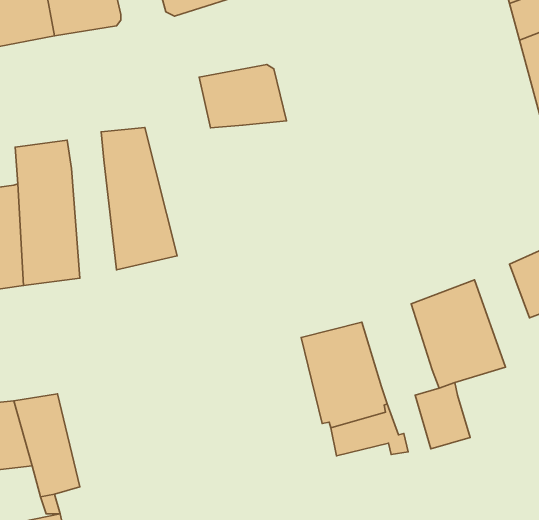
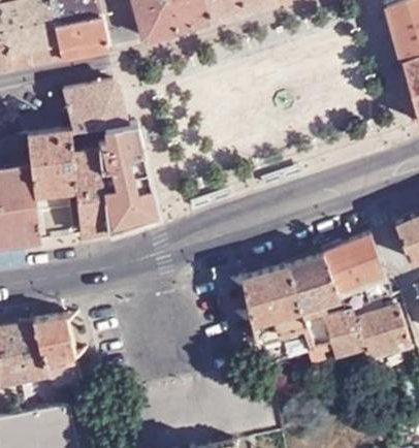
building: [199,64,286,128] -> [63,84,127,130]
building: none -> [72,149,106,235]
building: none -> [286,254,337,315]
building: none -> [356,308,411,360]

